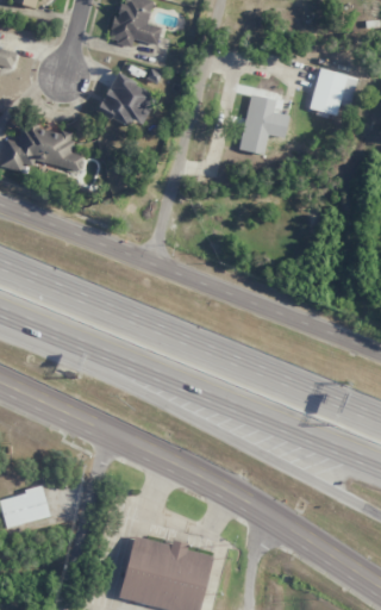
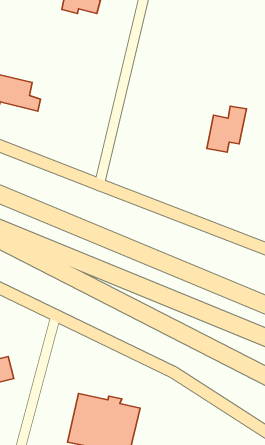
building: [310,56,361,116] -> [207,106,247,152]
building: [98,75,156,126] -> none
building: [248,108,287,154] -> none

